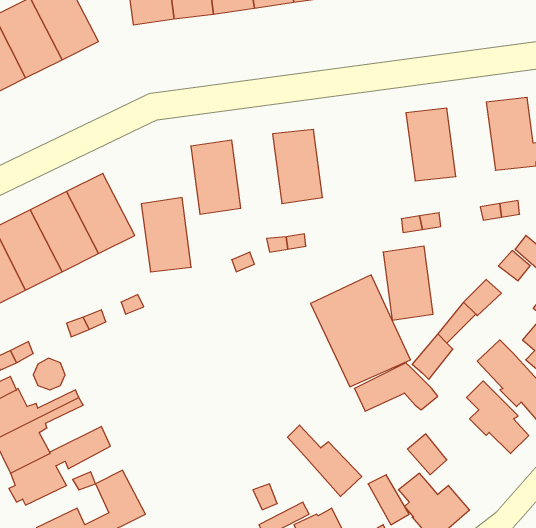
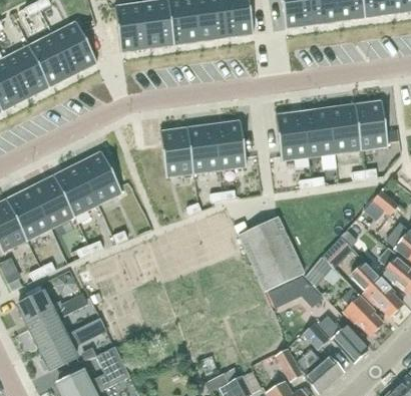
building: none -> [329,102,361,151]
building: [141,198,191,272] -> [186,123,220,172]
building: [383,246,433,320] -> [275,109,308,158]
building: [287,425,362,496] -> [319,315,368,362]

